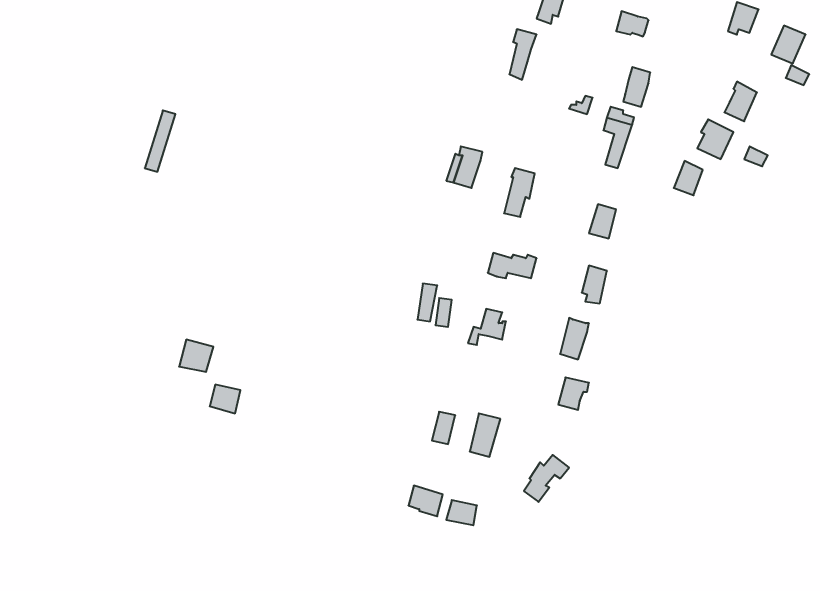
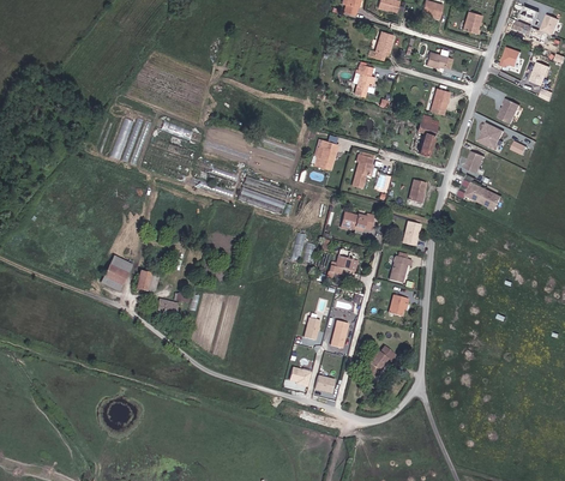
building: none -> [457,180,500,210]
building: none -> [101,255,131,290]

